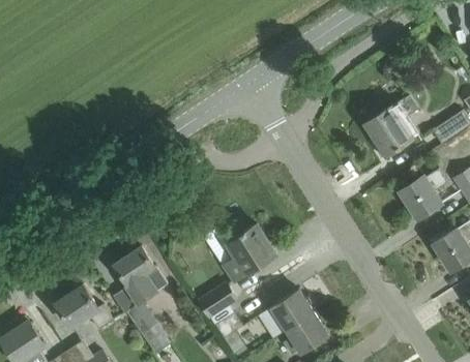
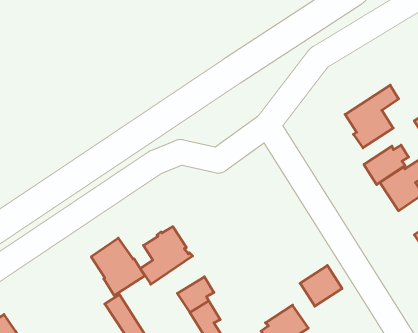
building: none -> [364,145,409,185]
building: [225,224,276,281] -> [140,227,193,284]
building: [56,285,114,328] -> none
building: [272,290,314,330] -> [300,265,342,306]

